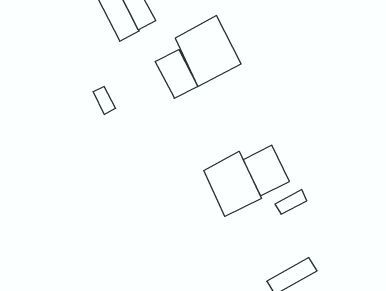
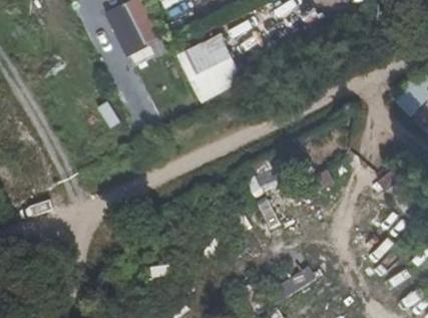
building: [155,50,198,98] -> none
building: [204,151,262,216] -> none

